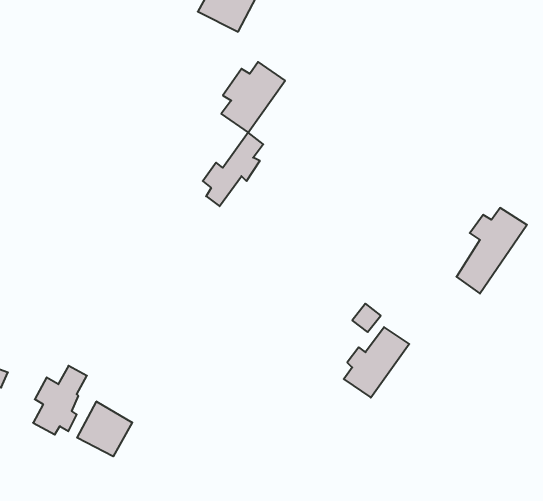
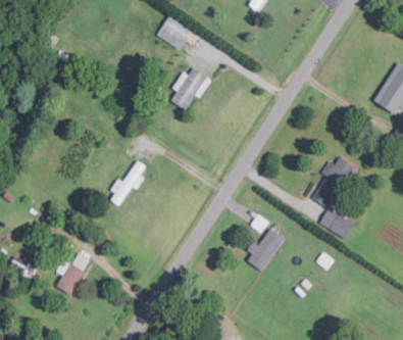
building: [203,132,263,206] -> [109,159,146,204]
building: none -> [318,208,354,238]
building: [77,401,132,456] -> none

